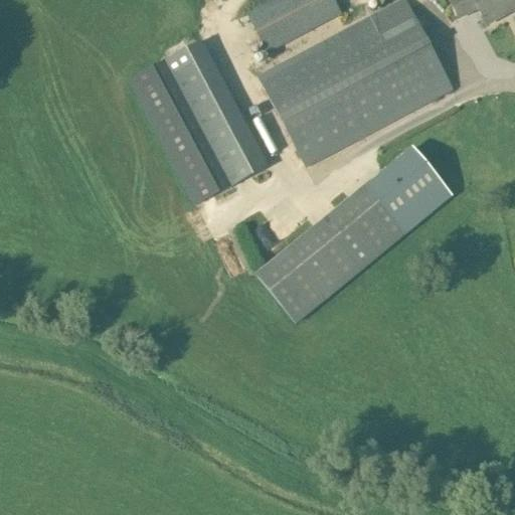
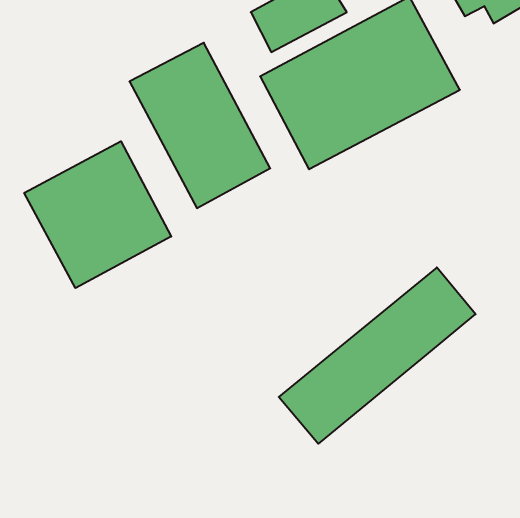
building: none -> [24,141,171,288]
building: [258,148,452,322] -> [279,267,476,444]

